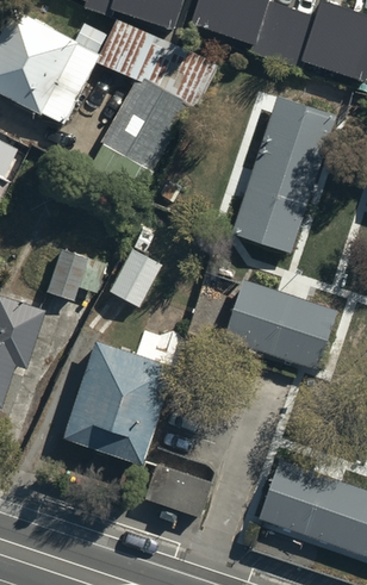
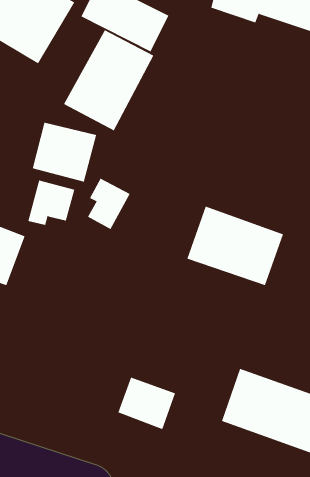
building: [235,94,330,245] -> none
building: none -> [32,122,97,183]
building: [58,338,170,463] -> none

